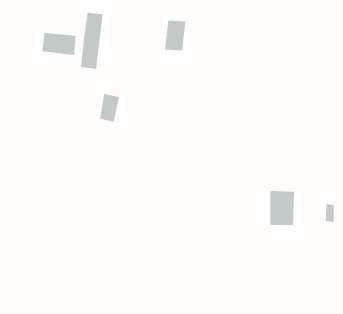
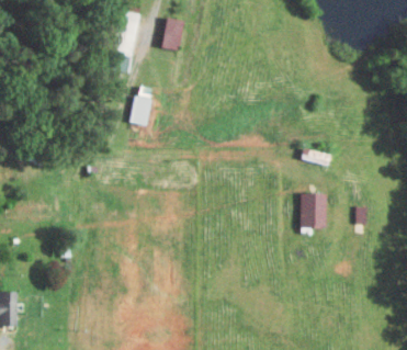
building: [164,20,186,51] -> [160,19,182,49]
building: [42,32,76,56] -> none

